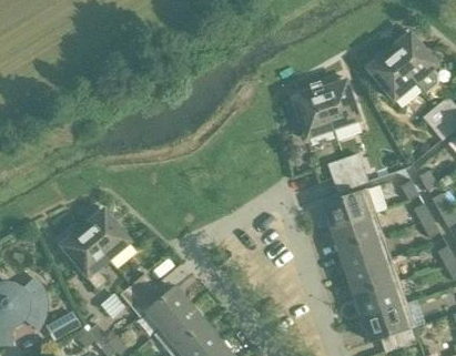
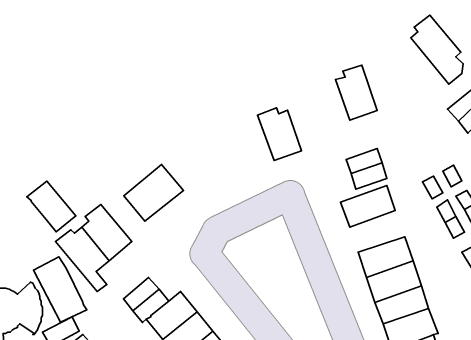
building: [364,51,418,106] -> none
building: [291,88,332,136] -> [258,108,302,160]
building: none -> [124,164,183,221]
building: none -> [27,181,76,232]
building: [332,212,383,251] -> none
building: none -> [34,257,87,322]

